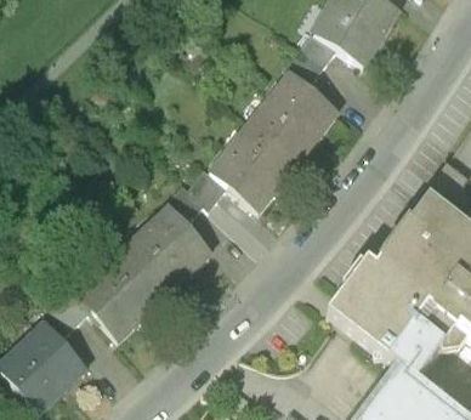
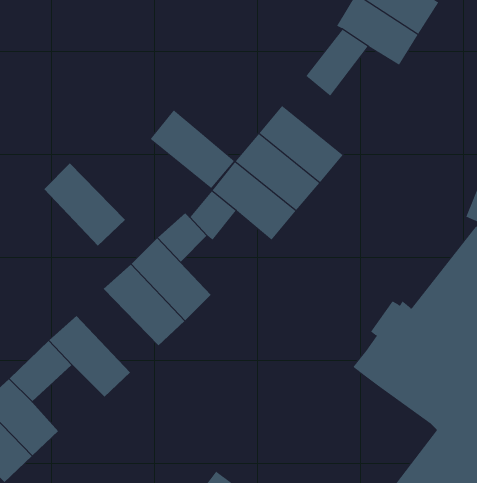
building: [268,73,339,138] -> [150,110,235,189]
building: [98,249,166,318] -> [44,163,126,246]

